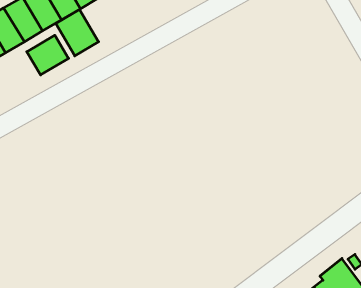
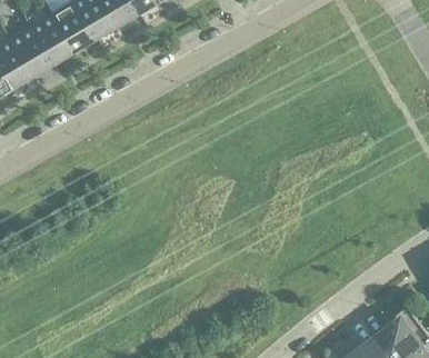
building: [56,9,99,56] -> none
building: [27,35,69,75] -> none

